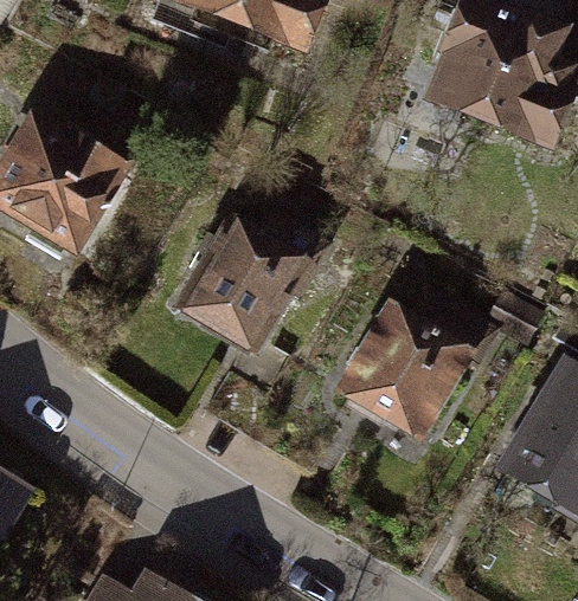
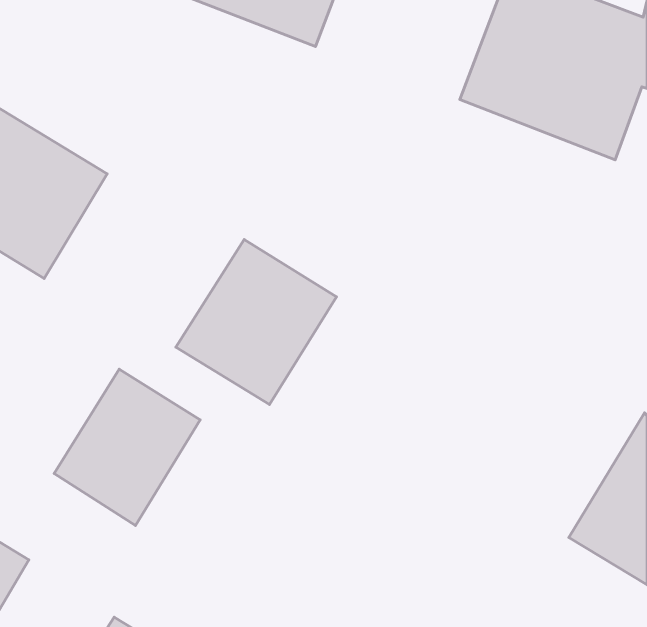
building: [365,284,507,434] -> none
building: none -> [54,369,200,526]

